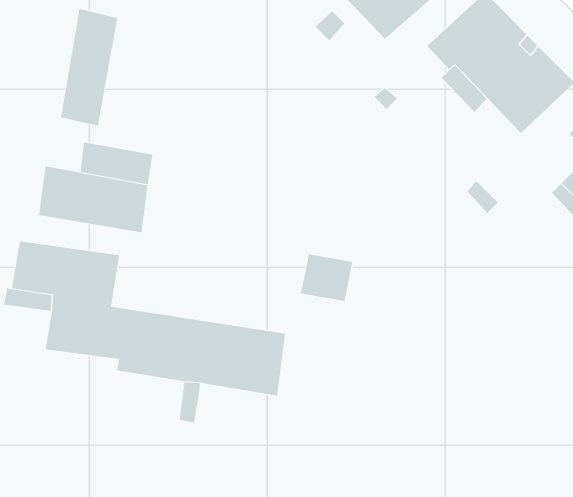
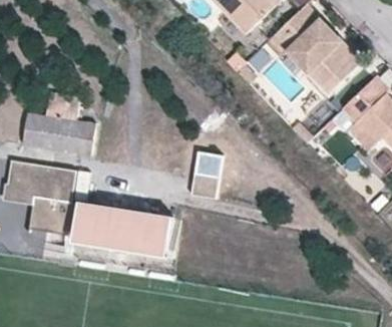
building: [61,8,118,127] -> none

